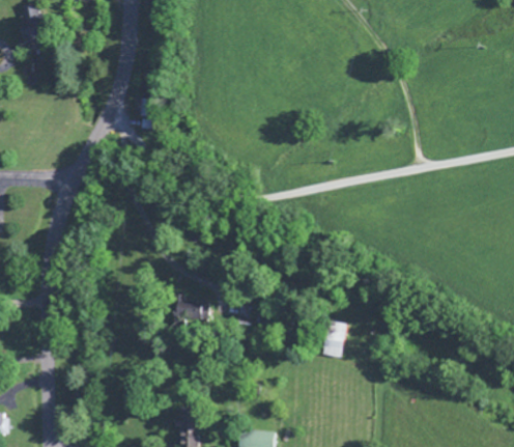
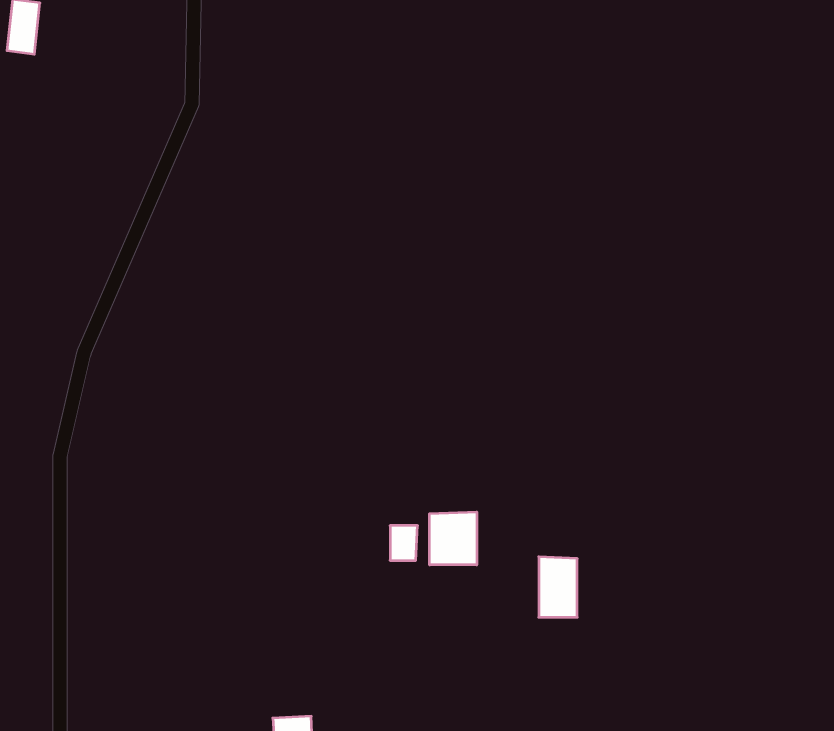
building: [173,294,209,325] -> none
building: none -> [430,512,477,565]

